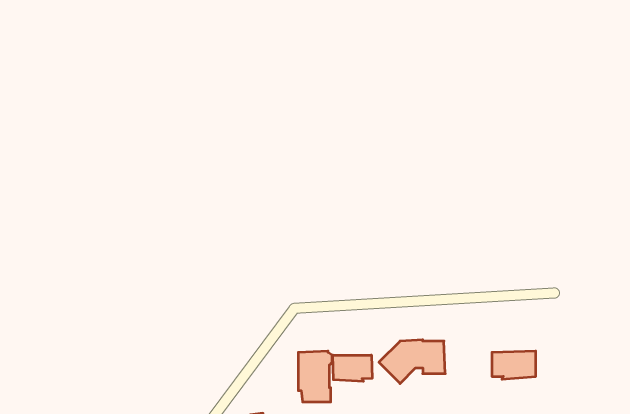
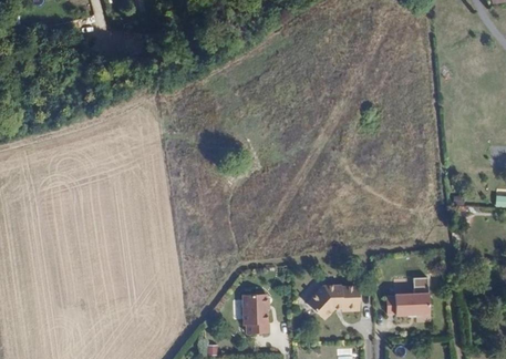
building: [333,355,372,381] -> none

